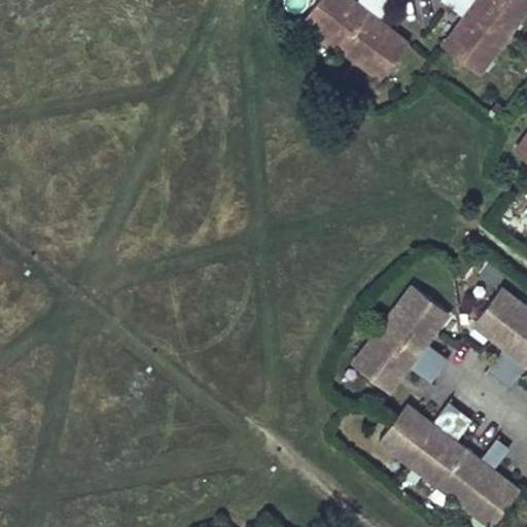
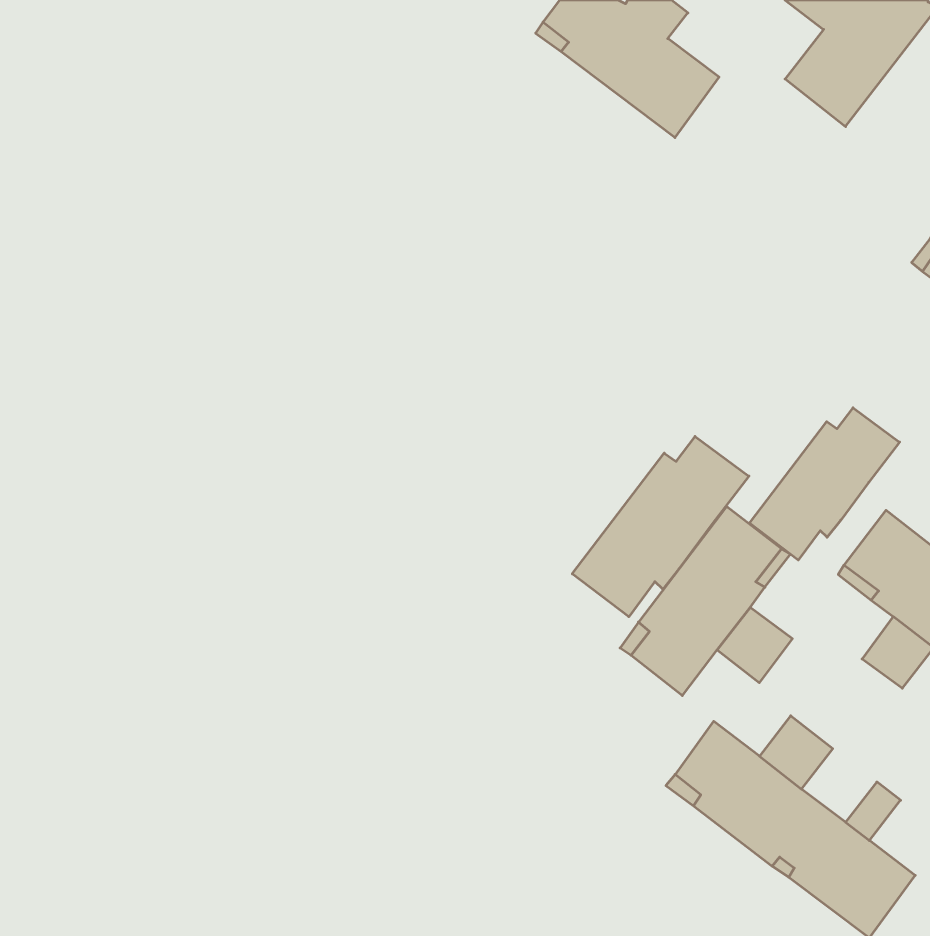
building: none -> [749,408,900,560]
building: none -> [572,436,749,617]

